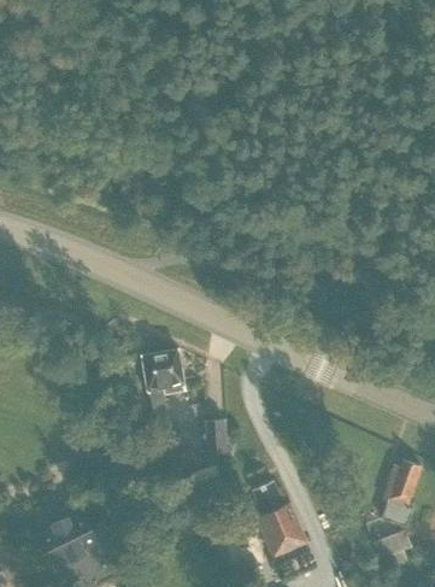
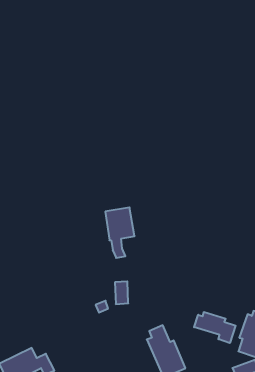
building: [142,351,184,423] -> [105,207,135,258]
building: none -> [194,312,236,343]

